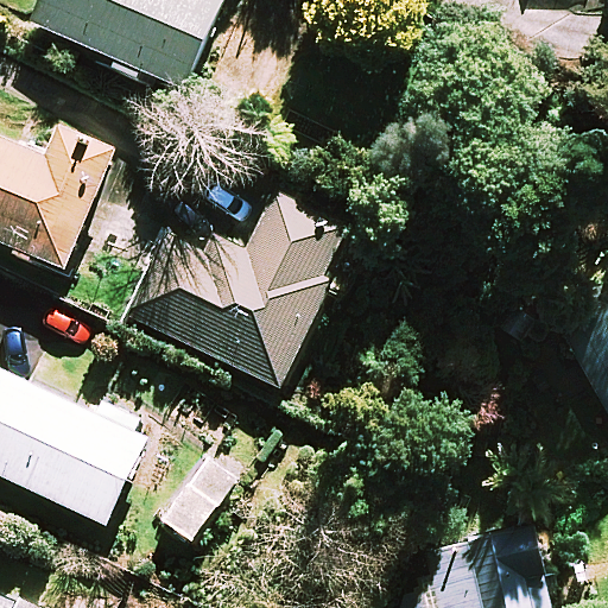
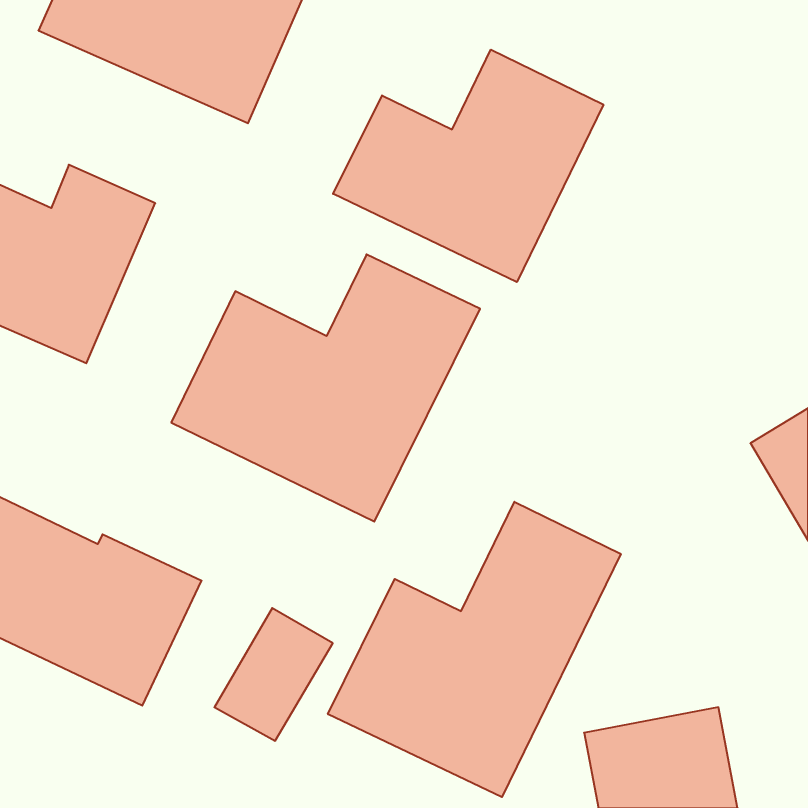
building: none -> [333,50,603,282]
building: none -> [328,502,621,797]

